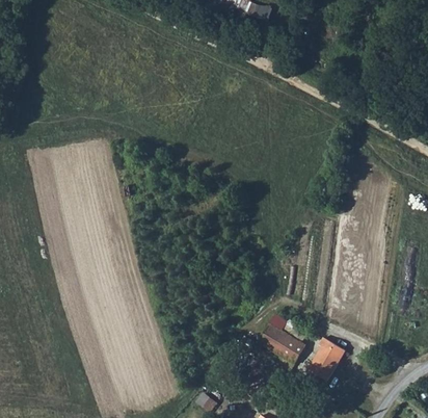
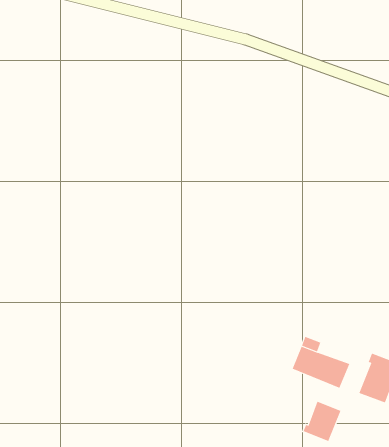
building: none -> [303,401,341,442]

